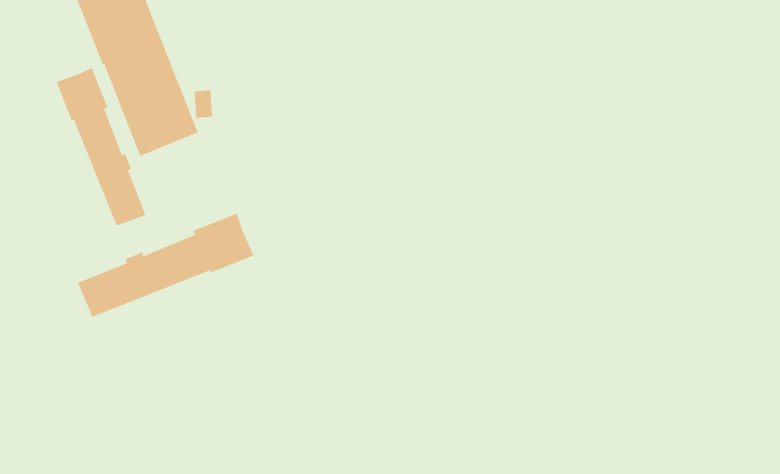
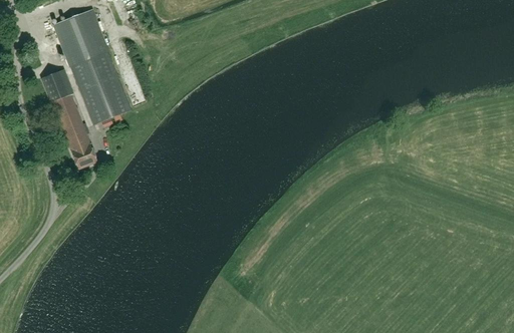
building: [77,213,254,318] -> none

